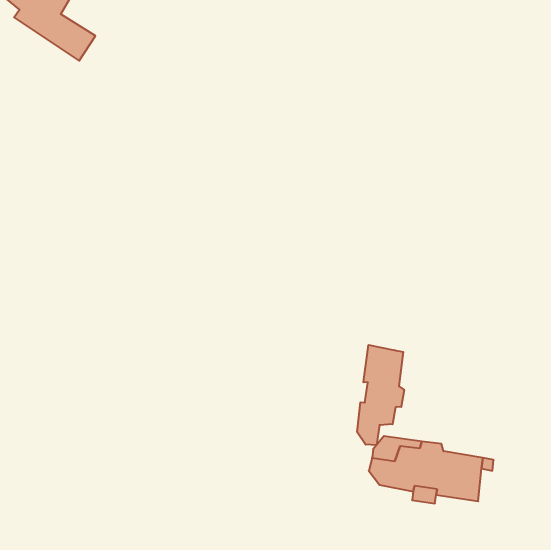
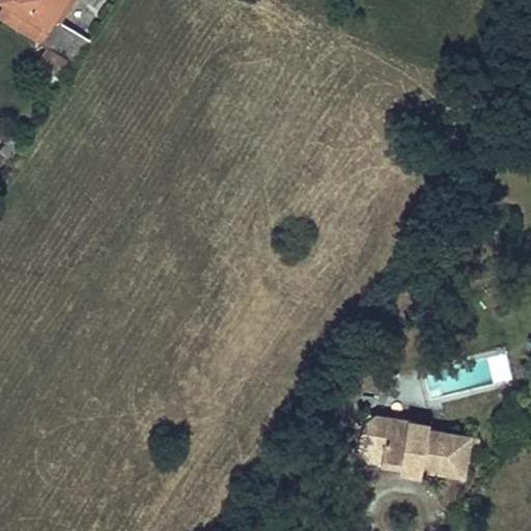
building: [357,345,404,445] -> none

